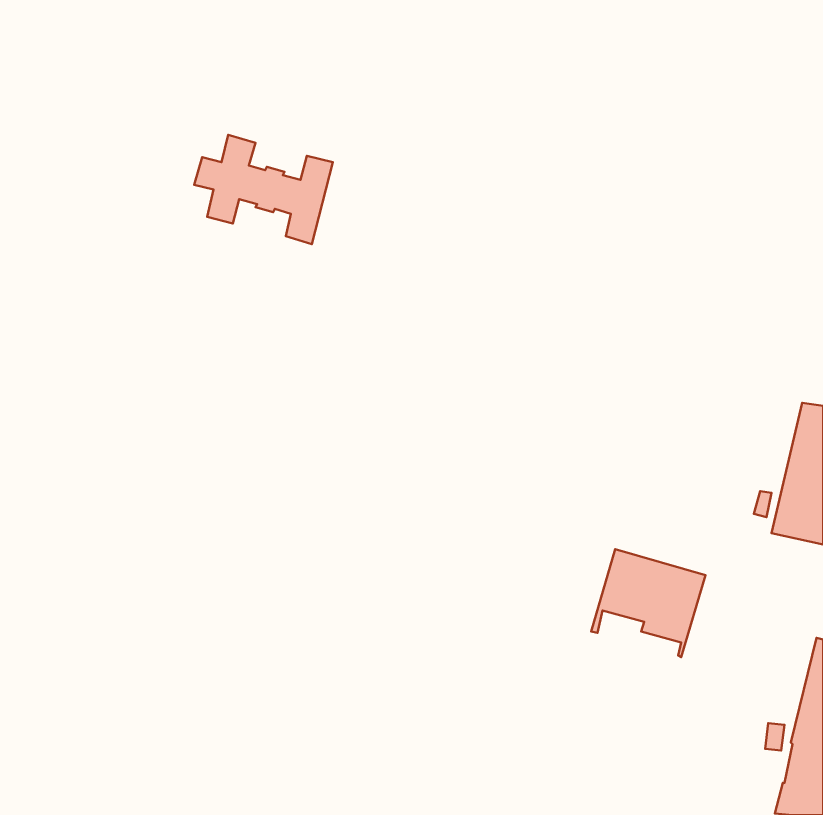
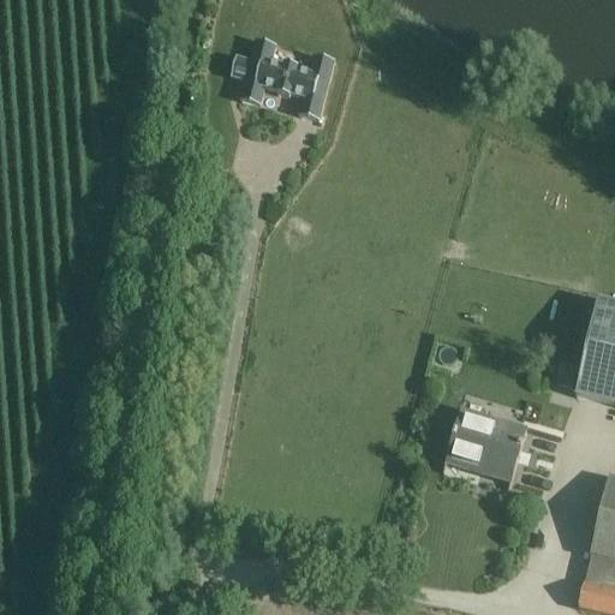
building: [194,135,333,244] -> [231,38,334,120]

